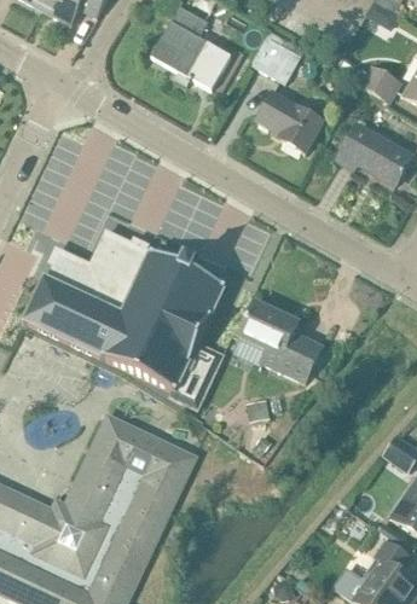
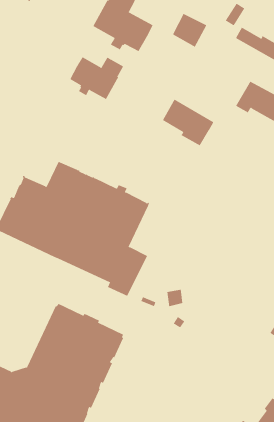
building: [256,91,324,152] -> [162,99,214,146]
building: none -> [70,56,124,100]
building: [239,302,323,382] -> none

